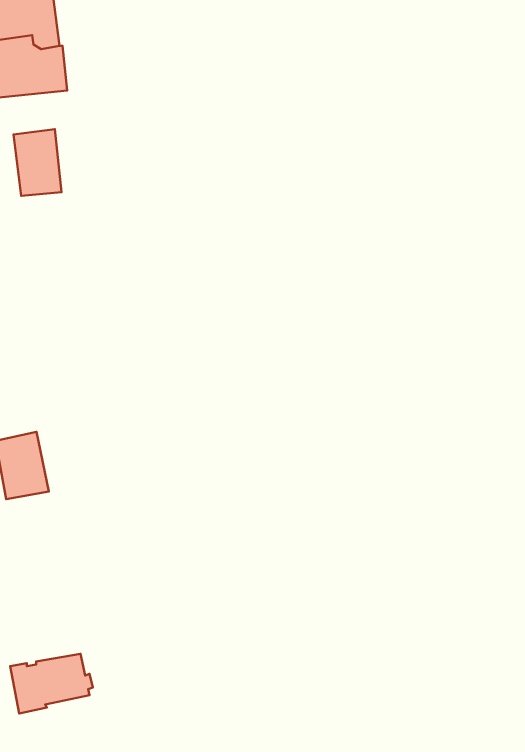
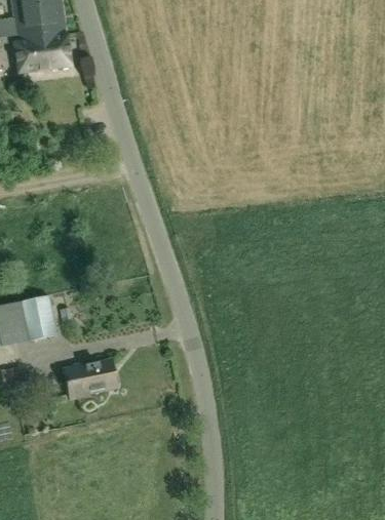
building: [14,129,61,196] -> none
building: [10,654,93,714] -> [64,360,119,400]

